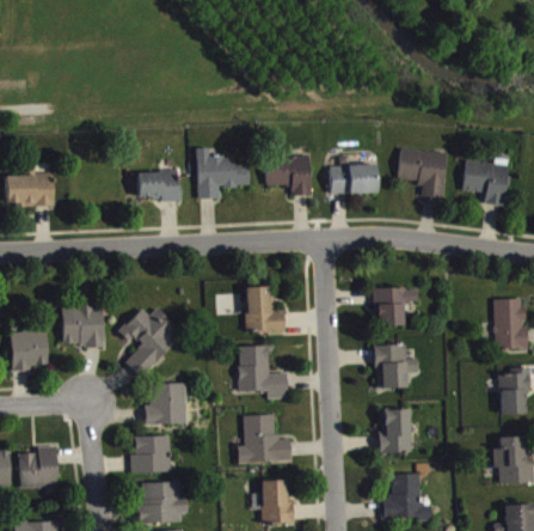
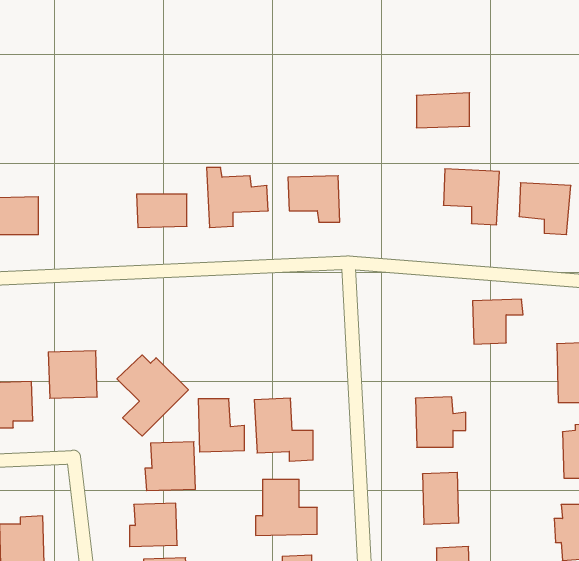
building: [330,164,375,194] -> [416,93,470,128]
building: [244,287,283,332] -> [198,399,244,452]
building: [374,288,417,326] -> [473,299,523,344]

